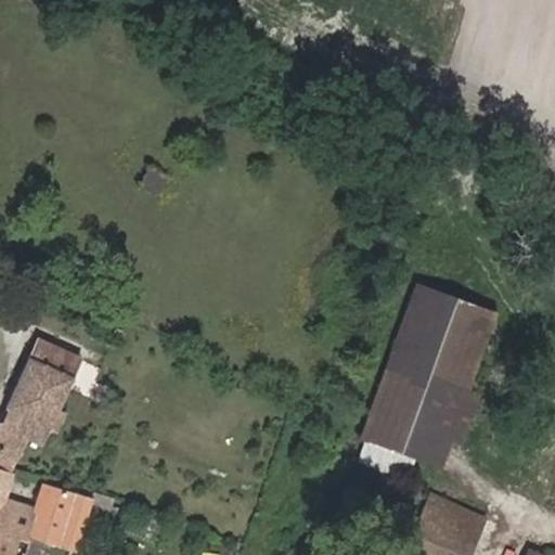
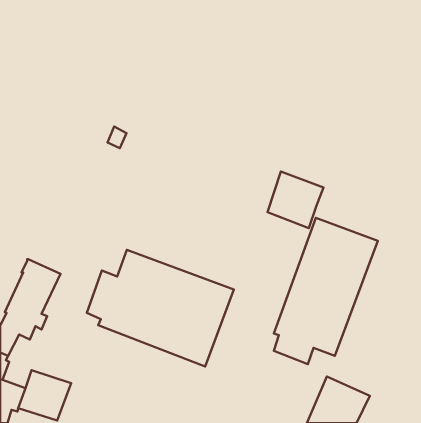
building: none -> [268,172,323,228]
building: none -> [87,250,234,366]

